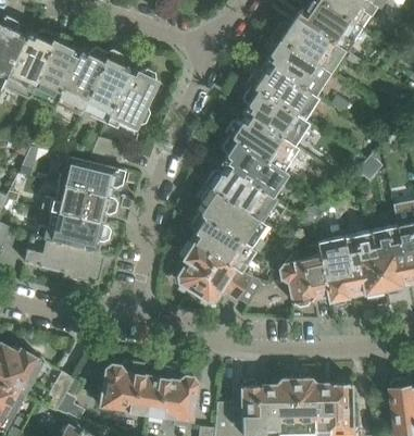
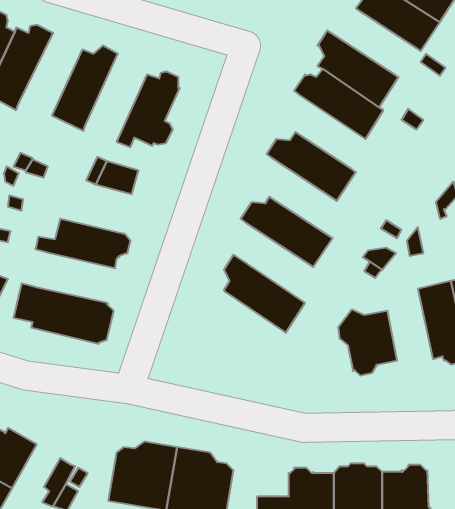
building: [273,17,343,72] -> none
building: [29,35,78,104] -> none
building: [81,50,130,123] -> none
building: [243,86,308,145] -> none
building: [222,136,285,196] -> none
building: [58,155,125,196] -> none
building: [199,187,266,252] -> none
building: [36,211,111,250] -> none
building: [317,239,356,307] -> none
building: [178,241,260,303] -> none

